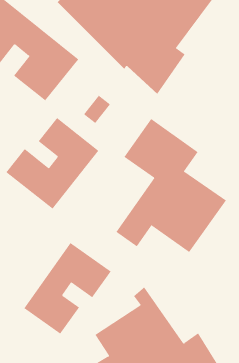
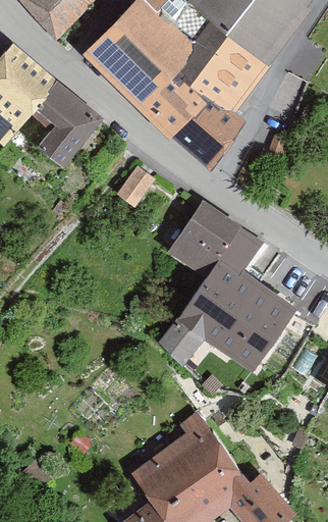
building: [6,117,99,209] -> none
building: [23,242,112,334] -> none

